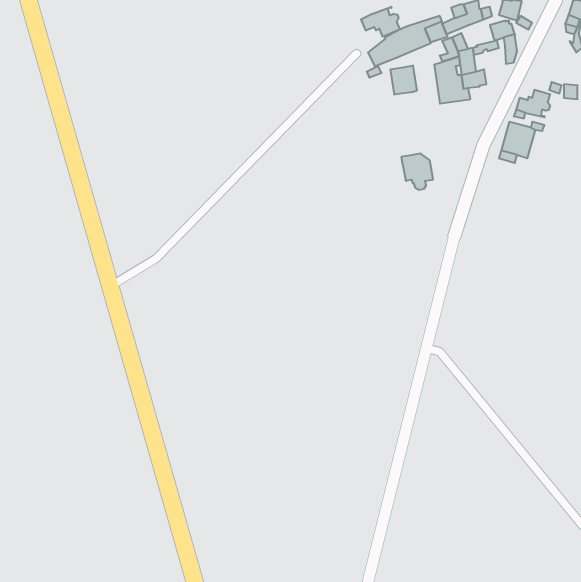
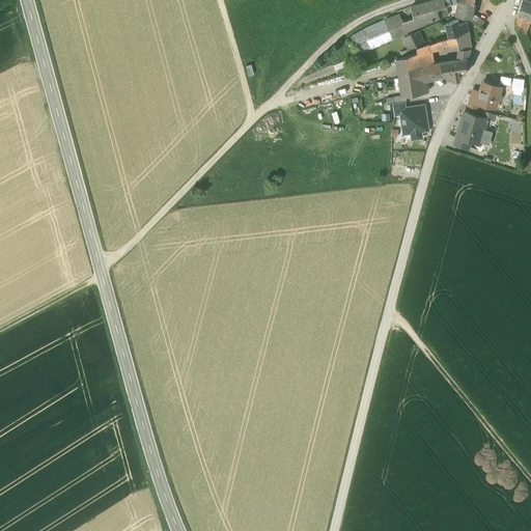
building: [361,7,400,37] -> none
building: none -> [442,57,469,77]
building: [391,65,417,95] -> none
building: [401,153,433,190] -> [400,106,429,139]

